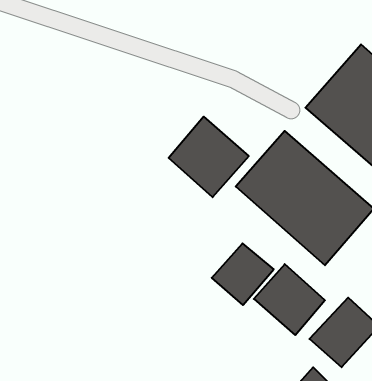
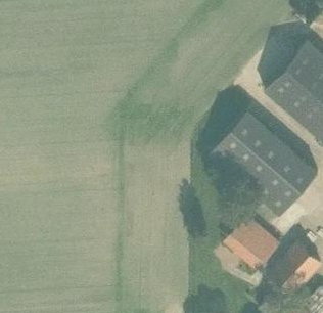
building: [169,117,249,197] -> none
building: [212,243,274,305] -> none

